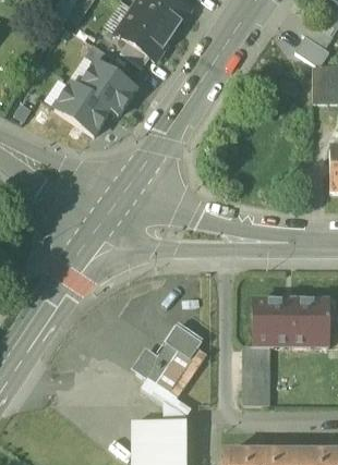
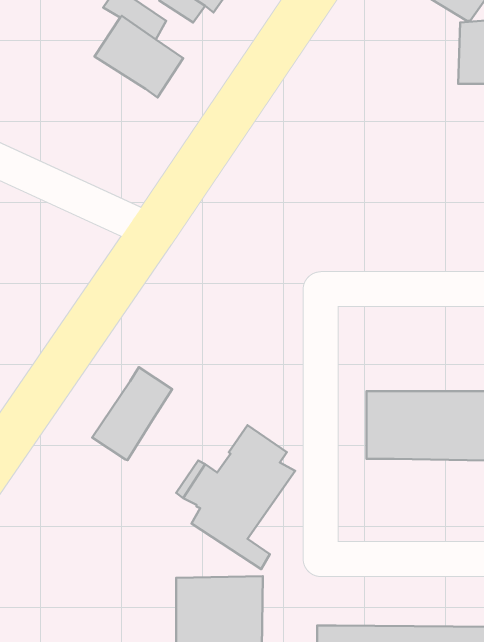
building: [55,81,111,133] -> none
building: none -> [92,367,172,460]
building: [243,343,270,402] -> none

